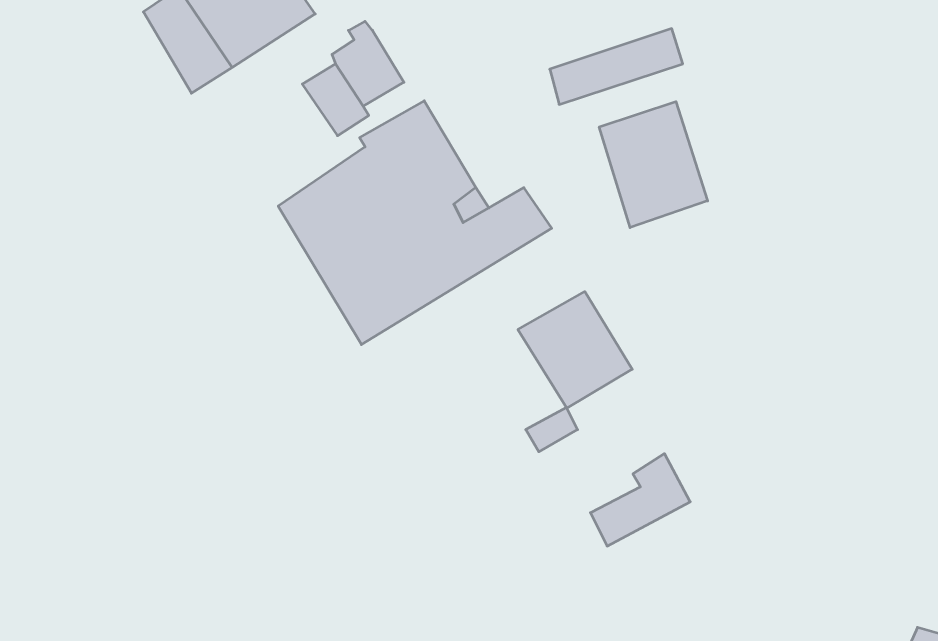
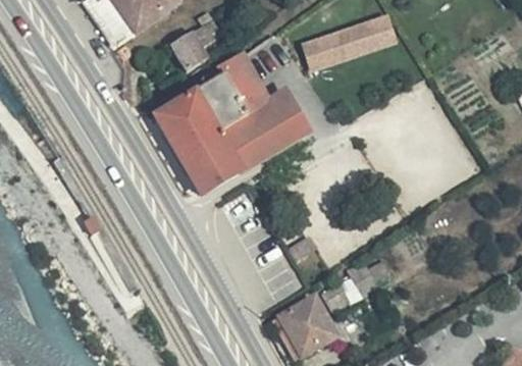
building: [599,102,708,228] -> none
building: [518,292,632,408] -> none
building: none -> [282,290,340,347]

